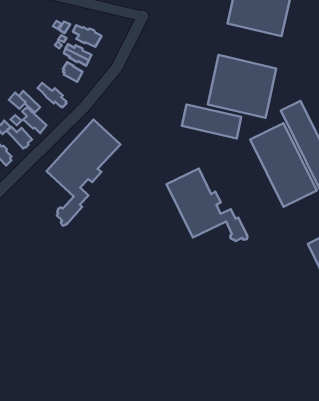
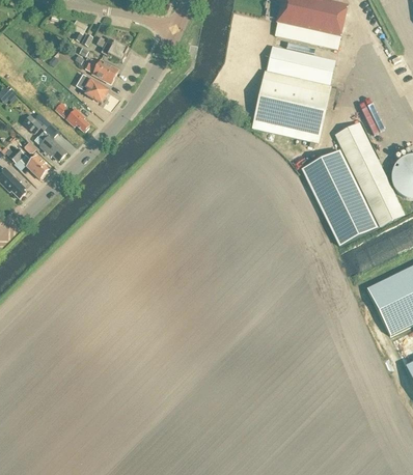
building: [182,104,241,139] -> [267,45,335,84]
building: [47,120,120,225] -> none
building: [166,168,248,241] -> none

